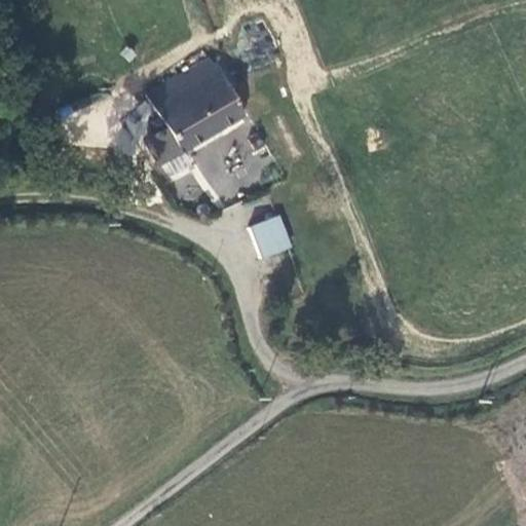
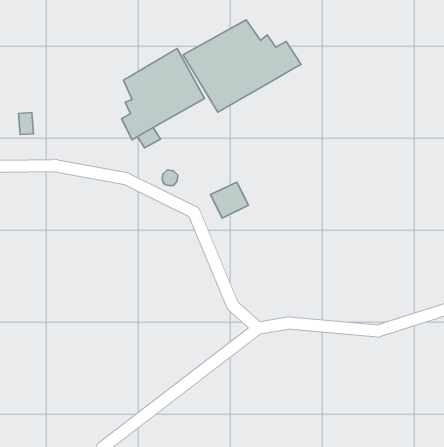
building: none -> [183,20,301,112]

